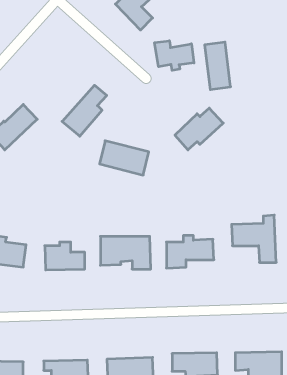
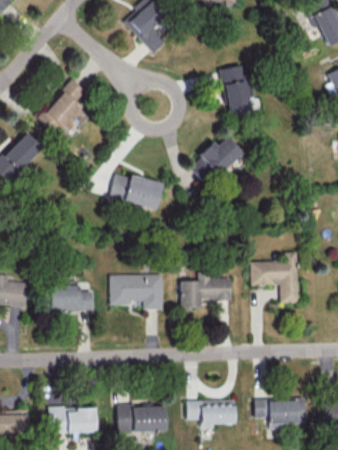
building: [155,41,194,70] -> none
building: [62,85,107,136] -> [37,79,85,134]

